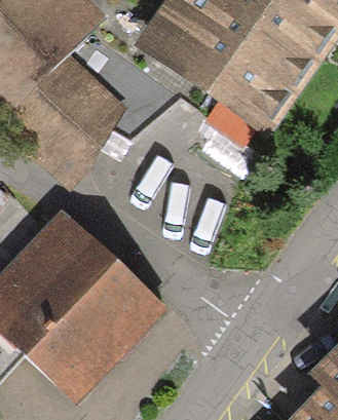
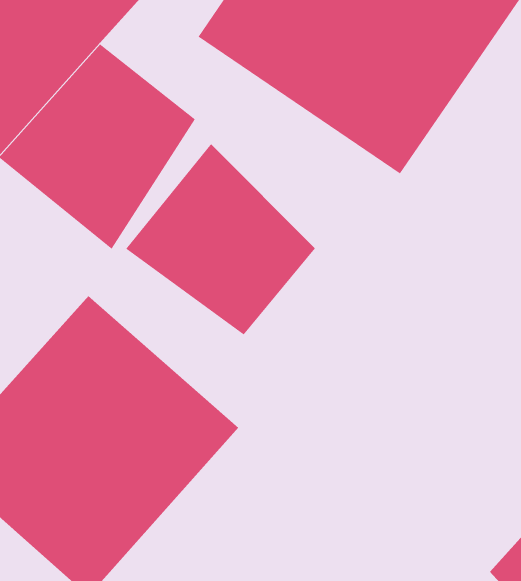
building: none -> [125,143,316,335]

